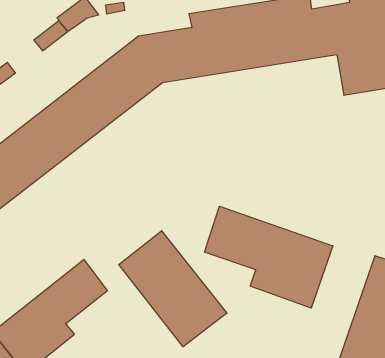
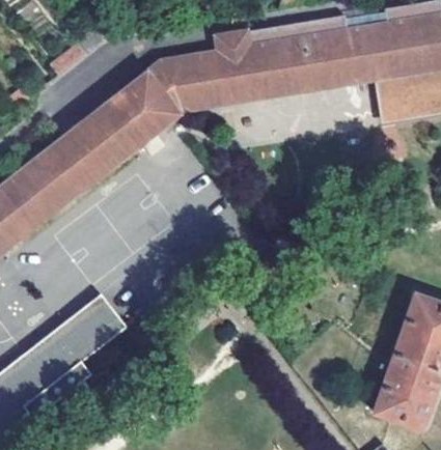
building: [205,206,333,308] -> none
building: [119,231,227,347] -> none

